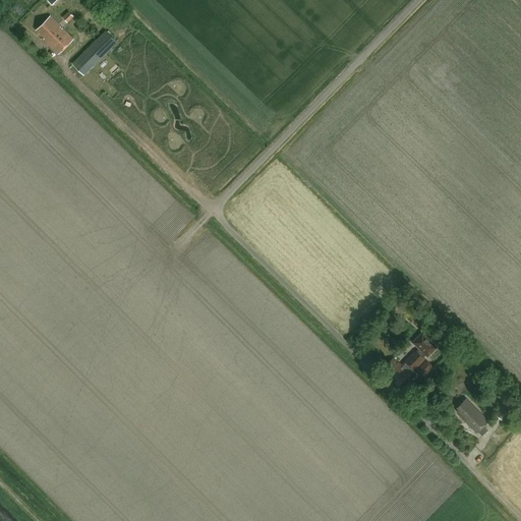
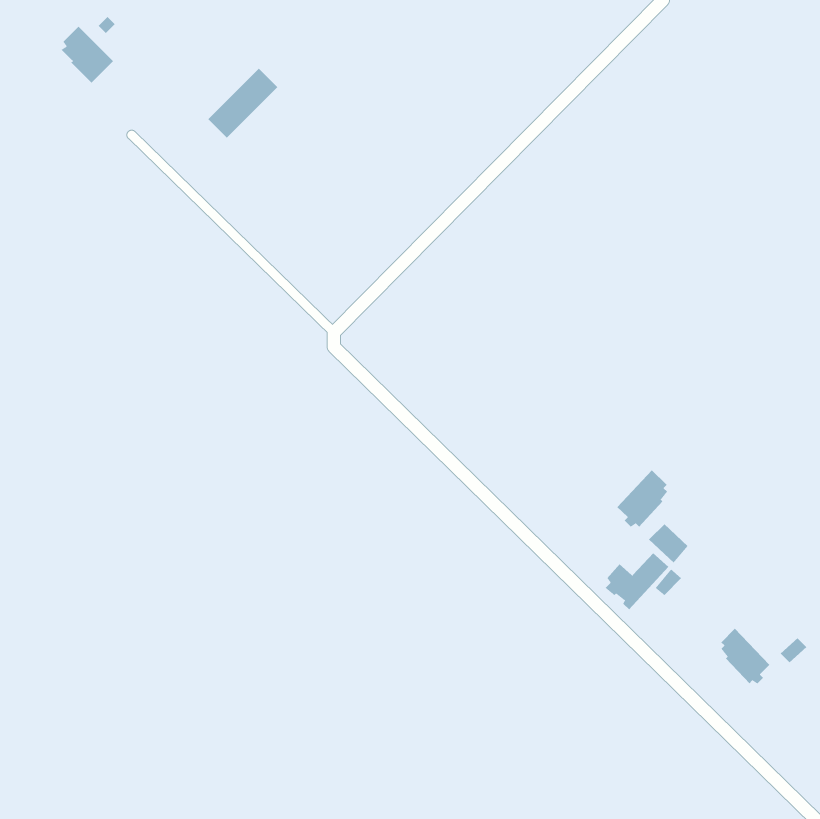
building: [72,31,117,75] -> [208,68,278,138]
building: none -> [617,469,668,528]

